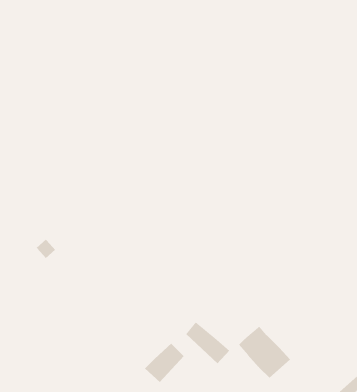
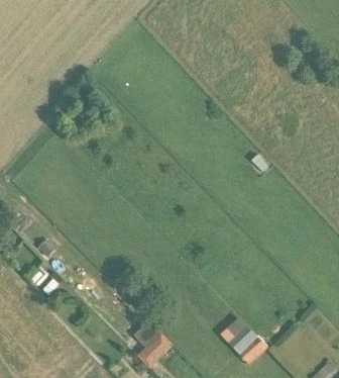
building: [186,321,230,364] -> none

